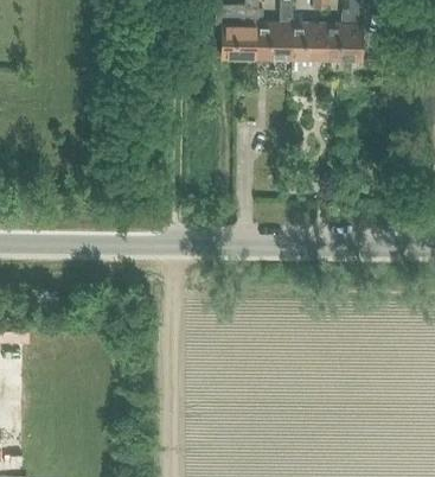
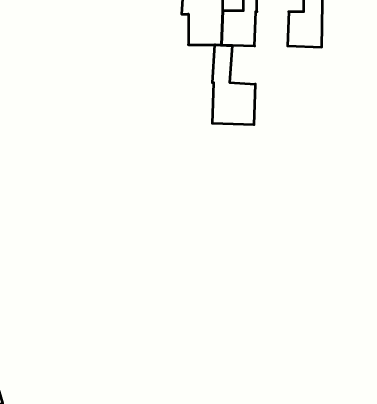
building: [290,25,326,61] -> none
building: none -> [212,45,255,125]

